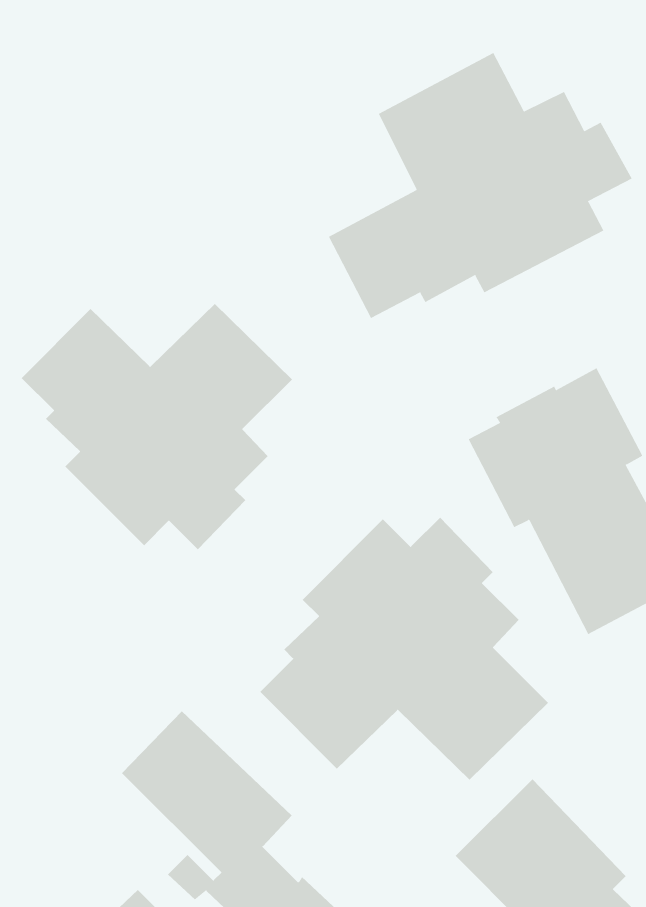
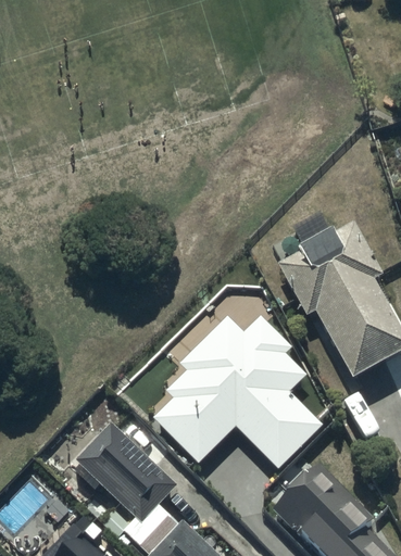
building: [328,52,632,319] -> none
building: [21,303,293,550] -> none

